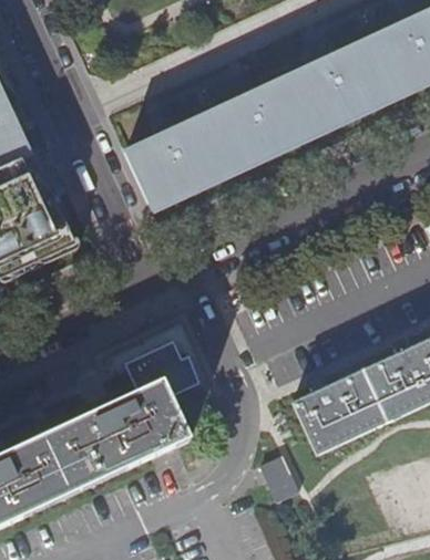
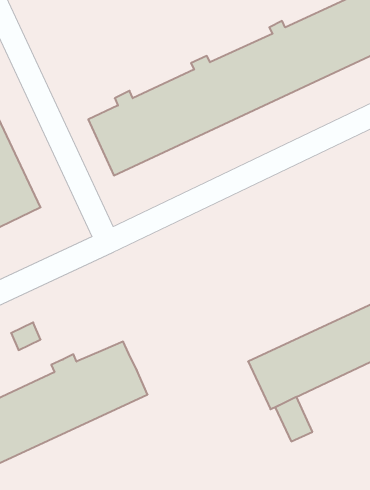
building: [126,341,199,396] -> none
building: [260,455,299,501] -> [275,397,312,441]

